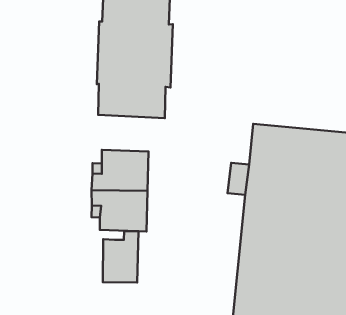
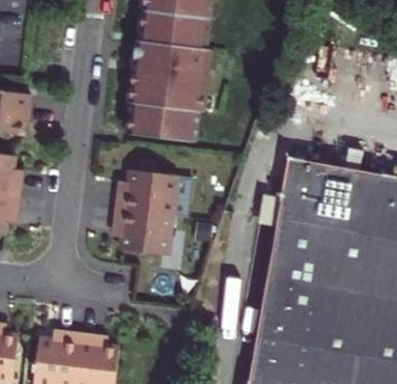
building: [103,231,139,283] -> none

